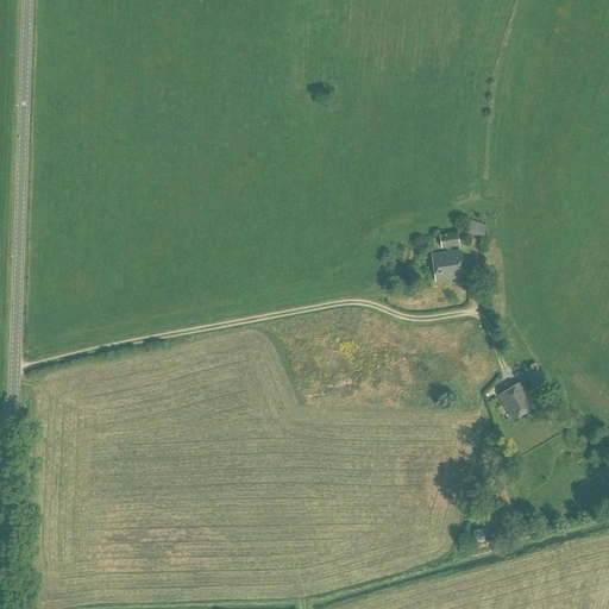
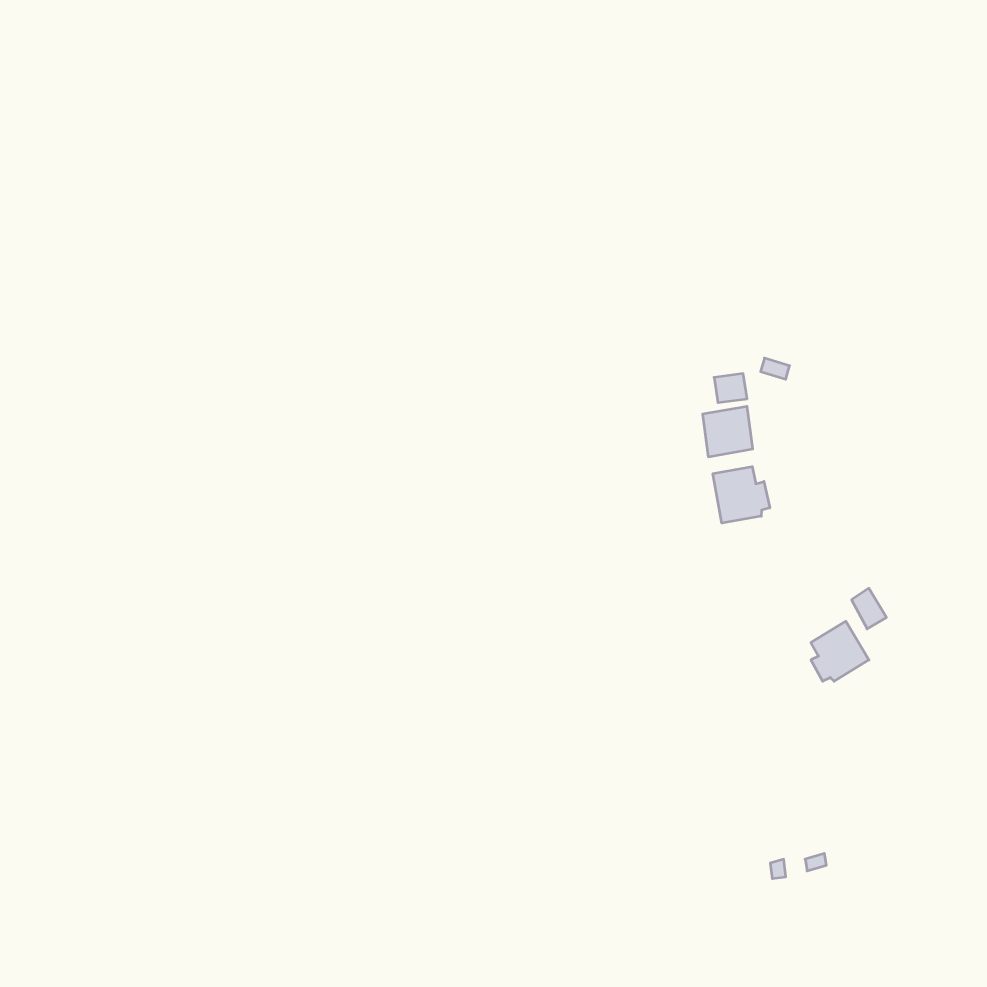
building: none -> [713,467,770,523]

